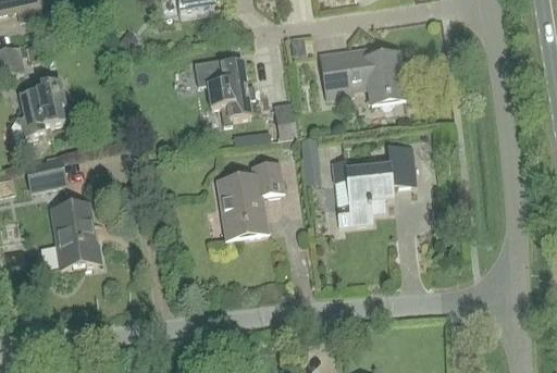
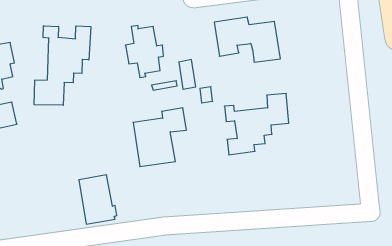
building: none -> [34,26,91,105]
building: [51,204,100,268] -> [79,175,117,224]

